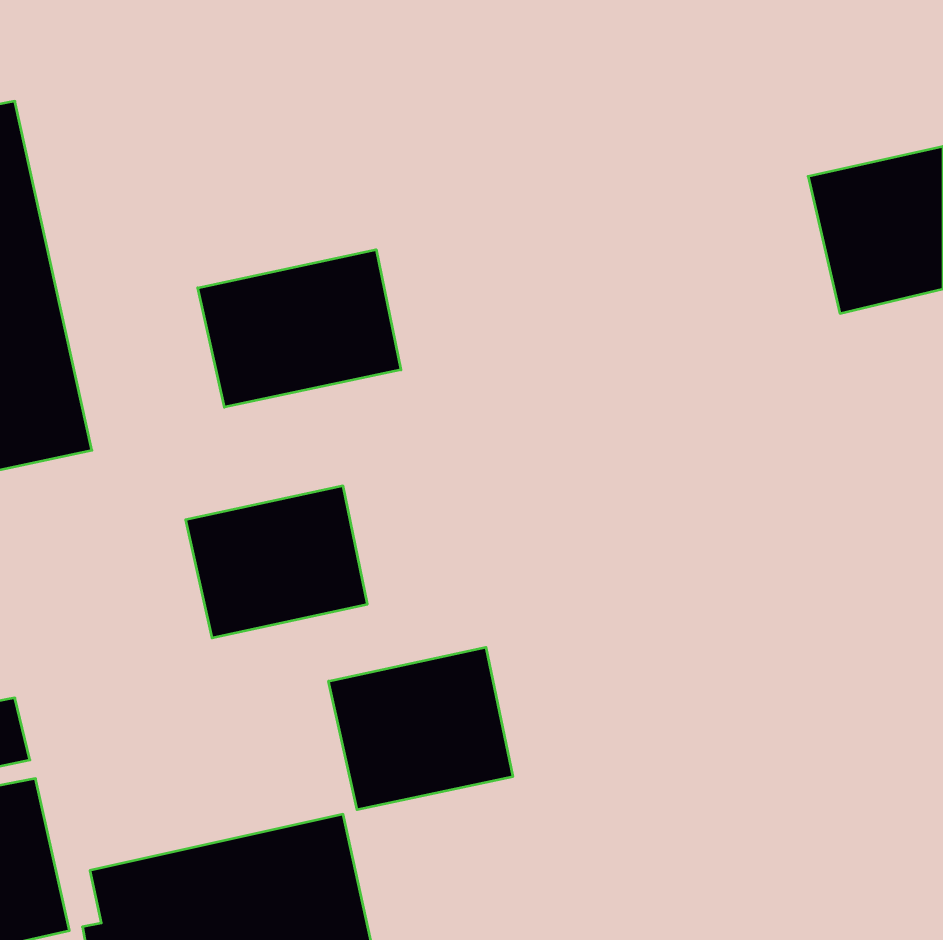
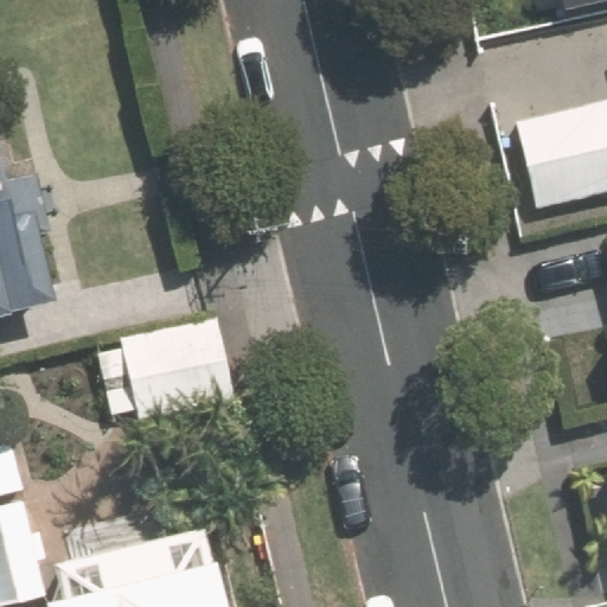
building: [198,250,401,407] -> none
building: [329,647,513,810] -> none

